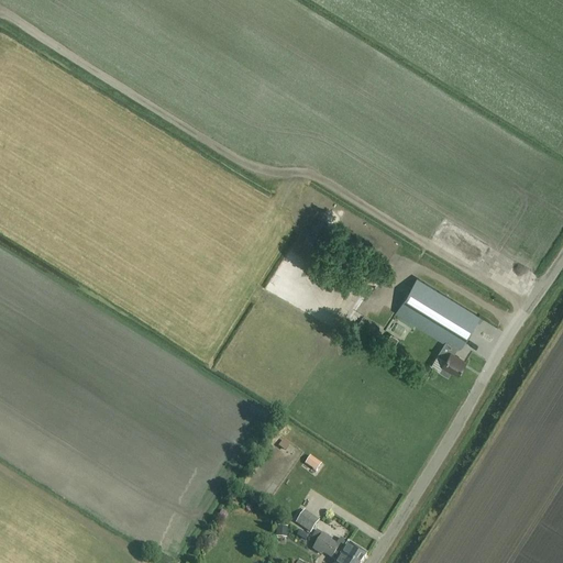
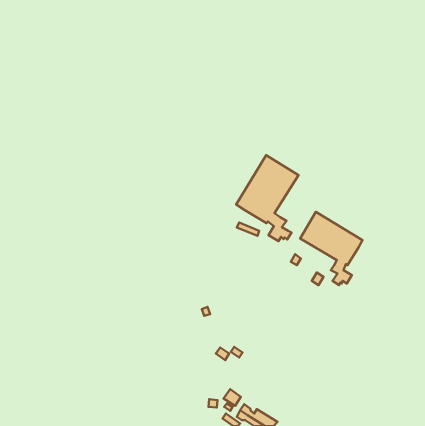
building: none -> [236,155,298,241]

